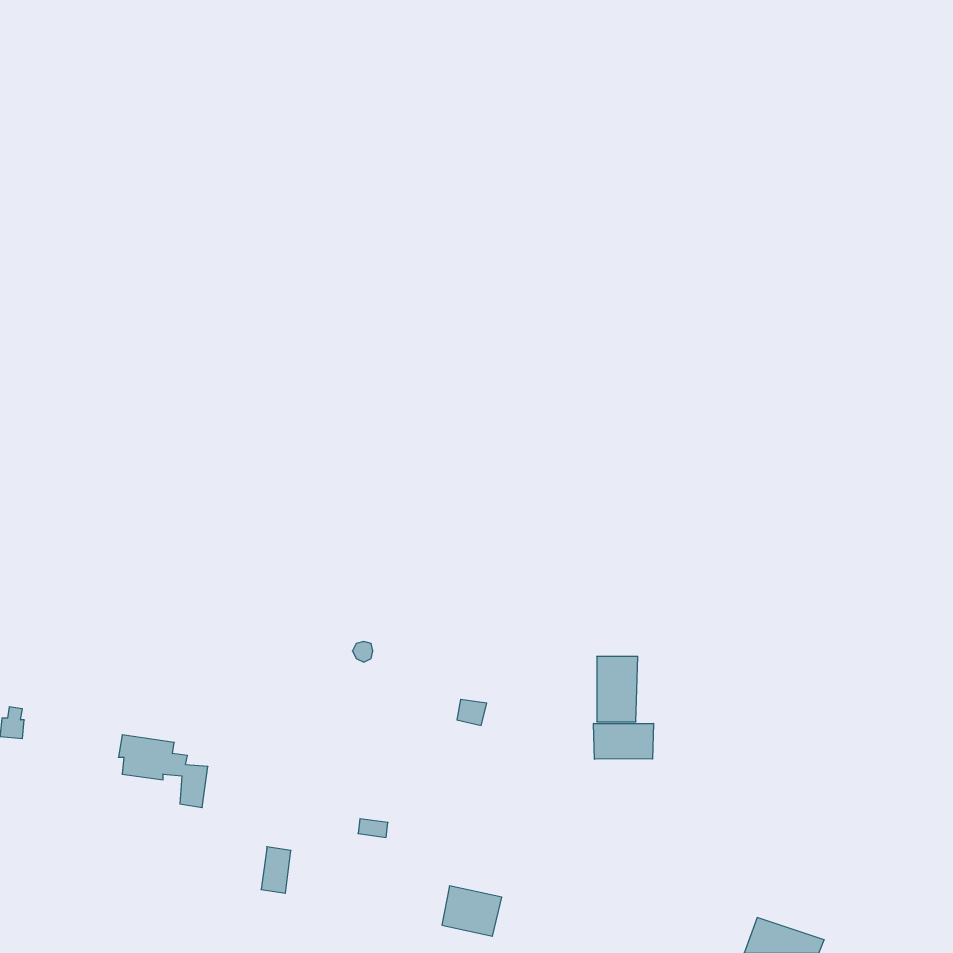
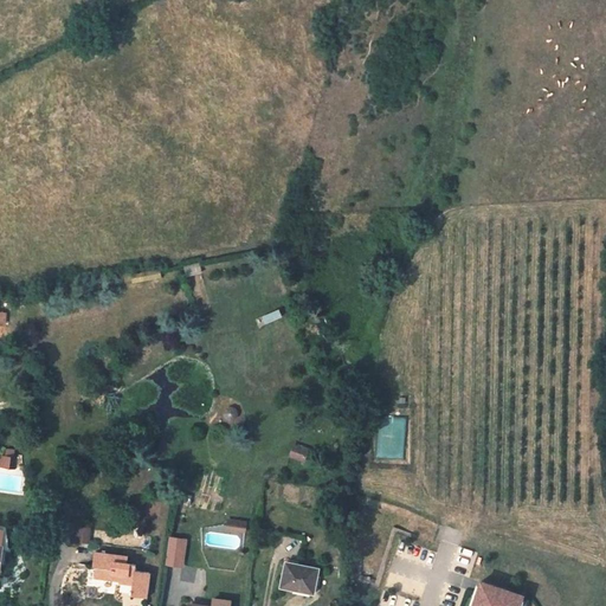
building: [594,723,654,759] -> none
building: [118,735,208,808] -> [92,553,149,599]

